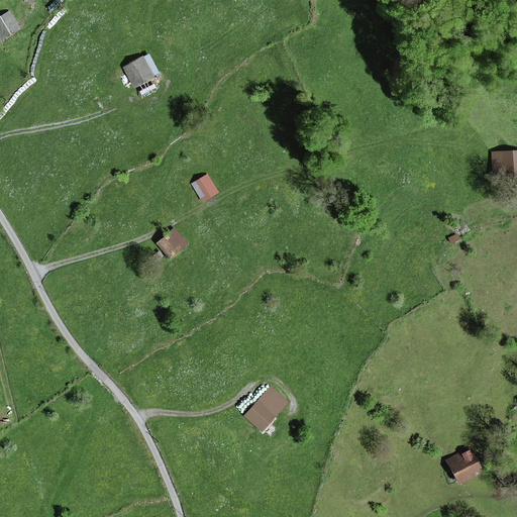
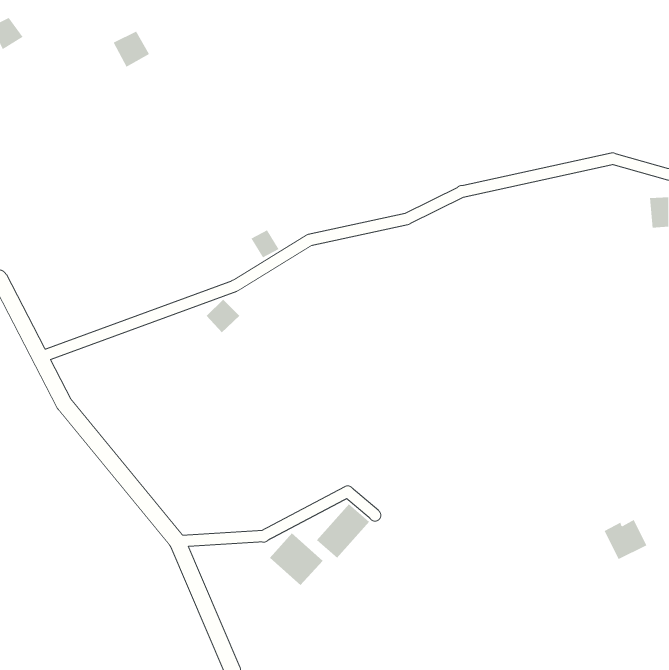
building: [123,58,151,86] -> [113,31,150,67]
building: none -> [269,533,323,586]
building: [447,450,481,482] -> [604,519,647,560]

